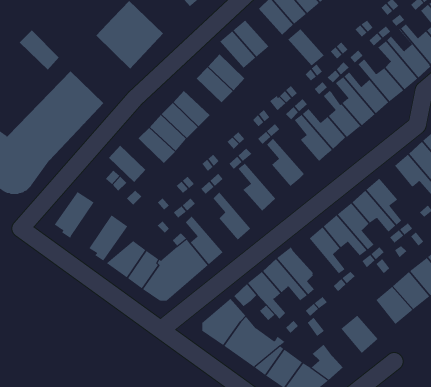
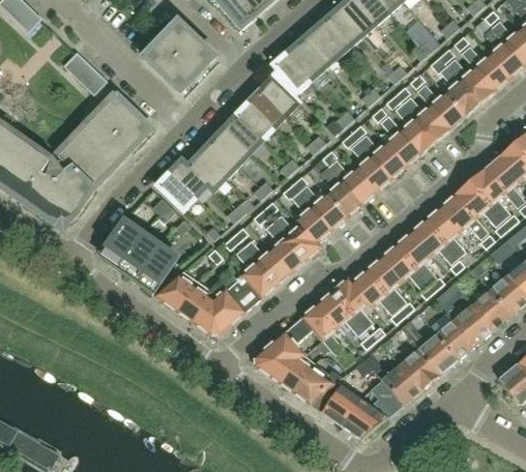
building: [288,29,324,66] -> [300,30,339,69]
building: none -> [236,102,275,141]
building: none -> [170,159,215,198]
building: none -> [329,159,377,202]
building: none -> [300,184,347,228]
building: none -> [440,194,488,237]
building: none -> [273,214,322,259]
building: none -> [119,232,160,282]
building: none -> [244,240,292,284]
building: none -> [351,269,398,314]
building: none -> [400,320,457,374]
building: none -> [382,363,421,404]

